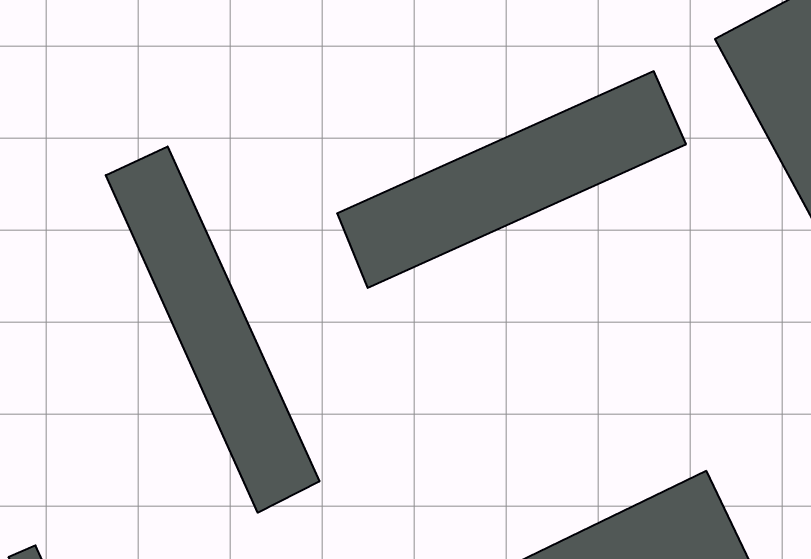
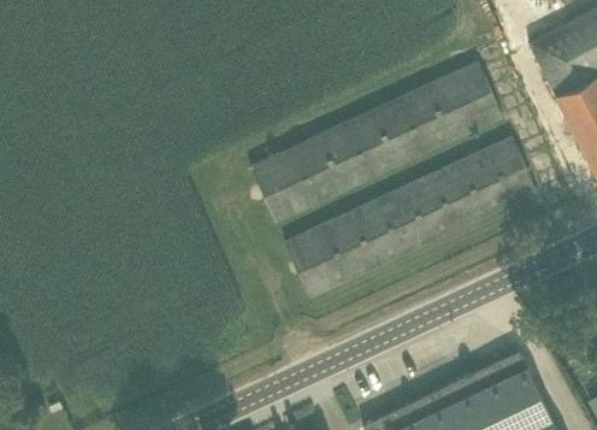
building: [106,146,319,513] -> none
building: none -> [284,140,536,295]

